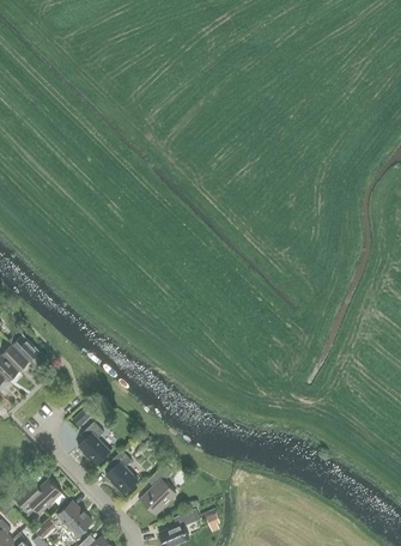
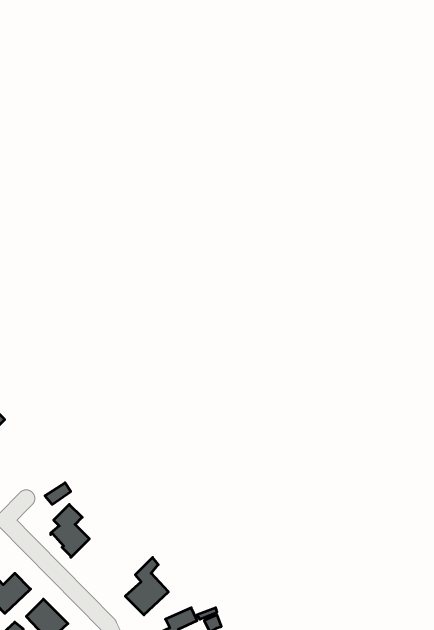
building: [105,450,138,495] -> none

